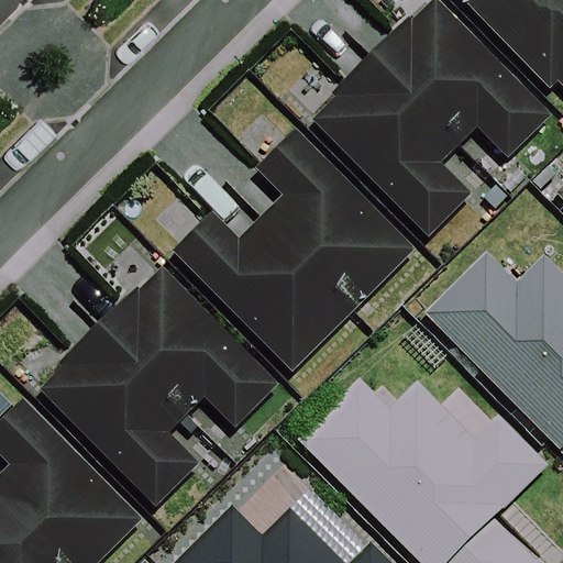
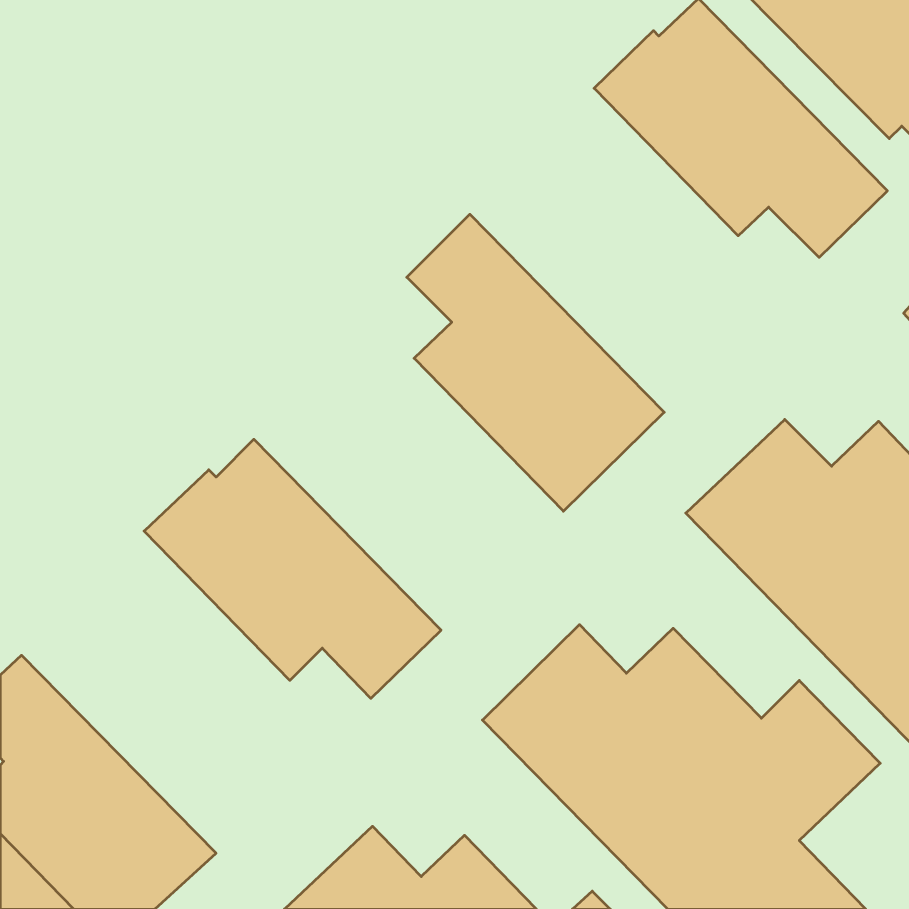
building: [314,54,470,236] -> none
building: [174,212,351,369] -> none
building: [42,324,196,504] -> none

